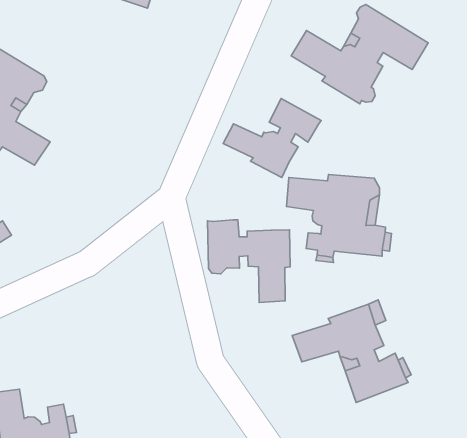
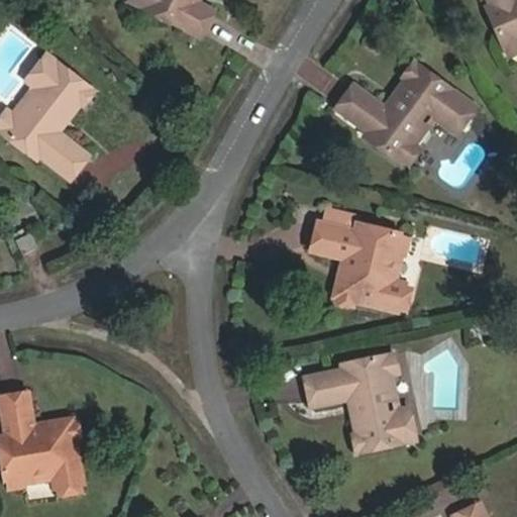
building: [223,99,321,177] -> none
building: [208,220,290,303] -> none

